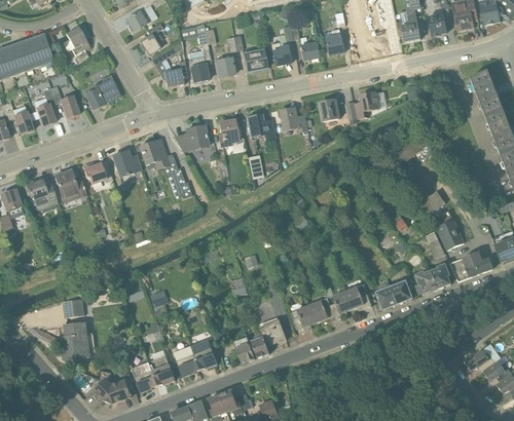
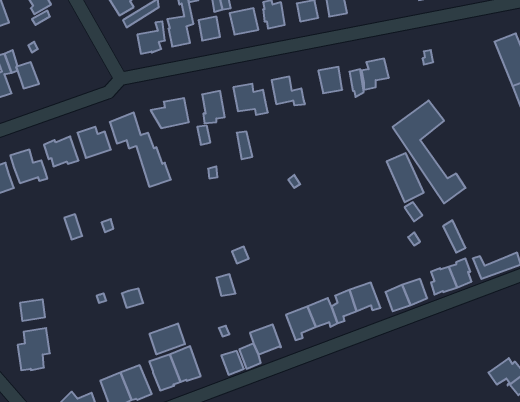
building: [85,74,119,109] -> none
building: [432,207,464,250] -> [387,153,424,202]
building: none -> [150,323,185,354]

